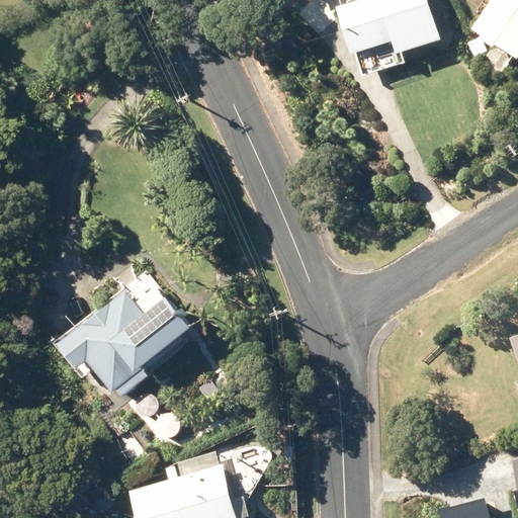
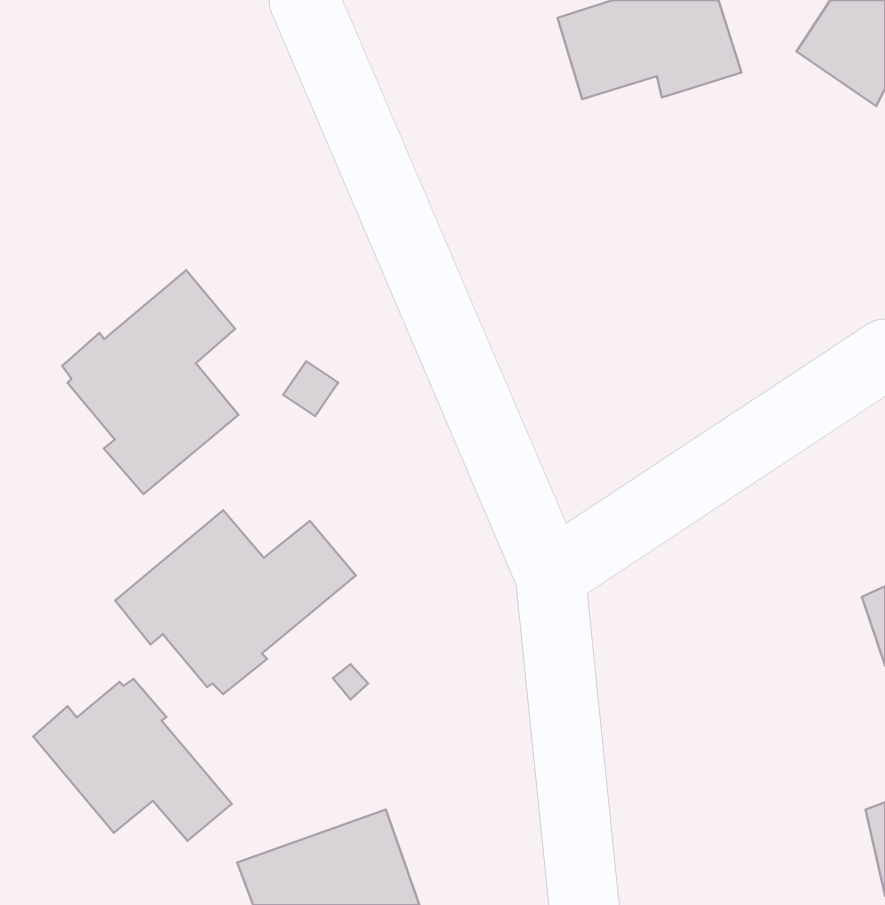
building: none -> [62,270,238,494]
building: none -> [33,679,232,841]

